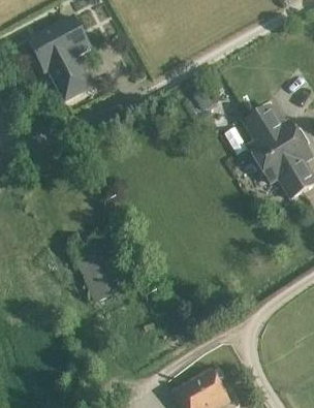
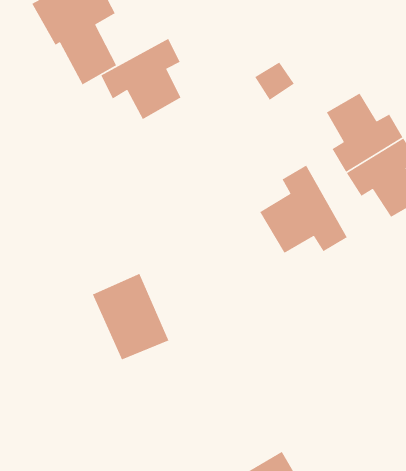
building: none -> [100,38,182,120]
building: none -> [259,164,348,254]

